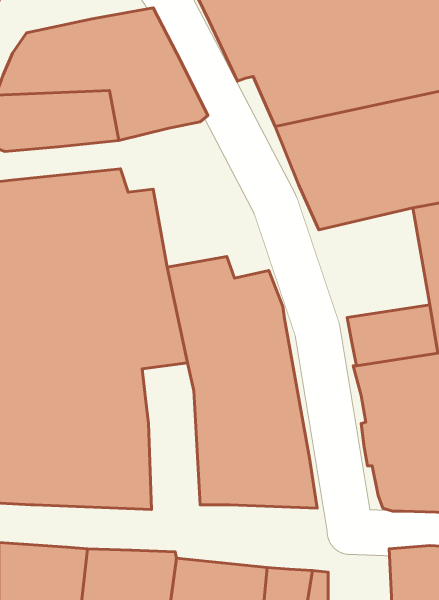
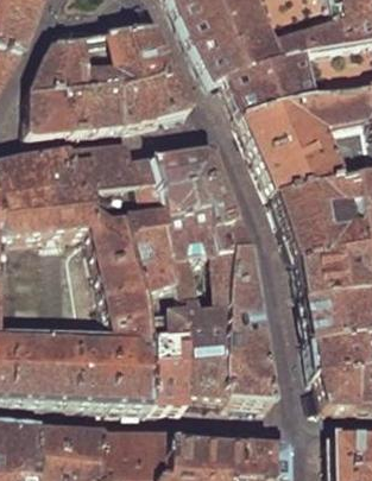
building: none -> [152,148,241,227]
building: none -> [278,173,362,257]
building: none -> [144,291,188,403]

